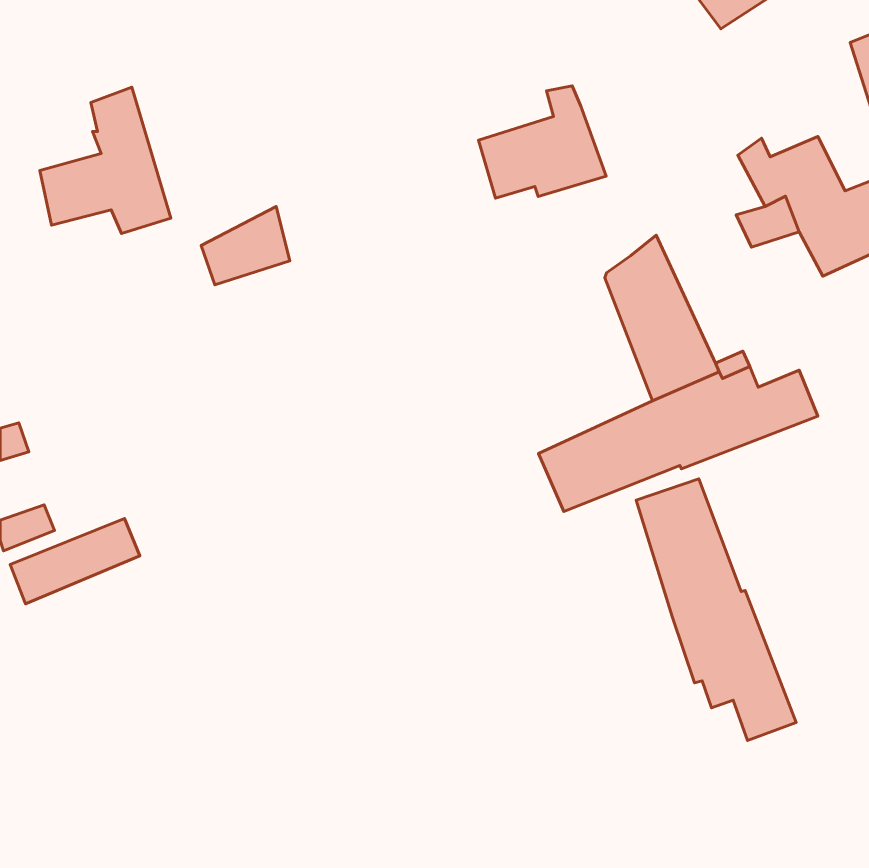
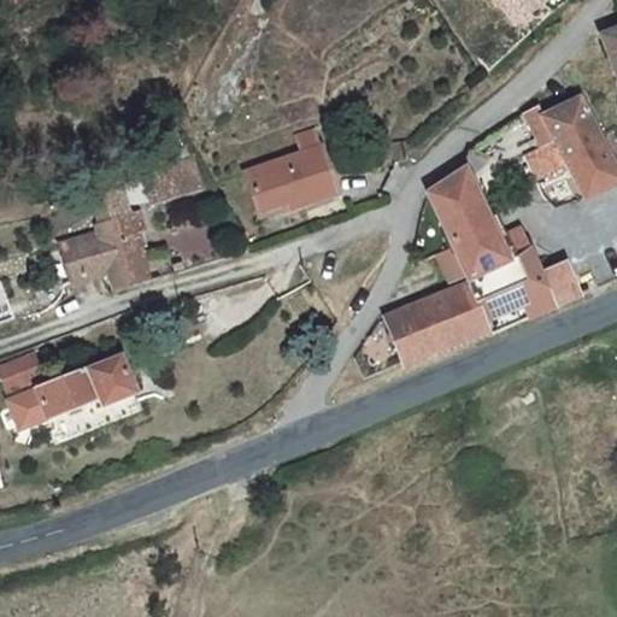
building: [478,86,606,198] -> [249,128,340,207]
building: [40,87,171,234] -> [59,184,152,288]
building: [636,479,796,741] -> none
building: none -> [89,353,135,401]

